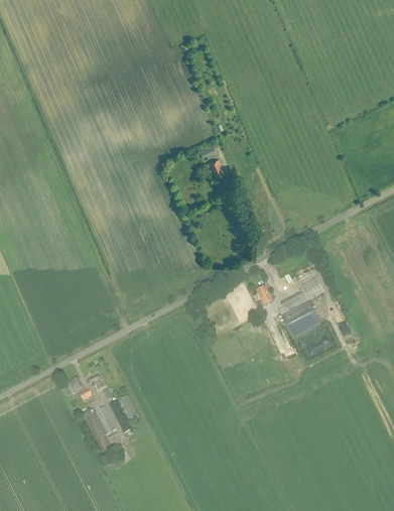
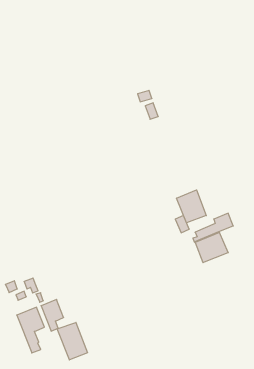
building: none -> [177,190,206,223]
building: none -> [57,322,87,360]

